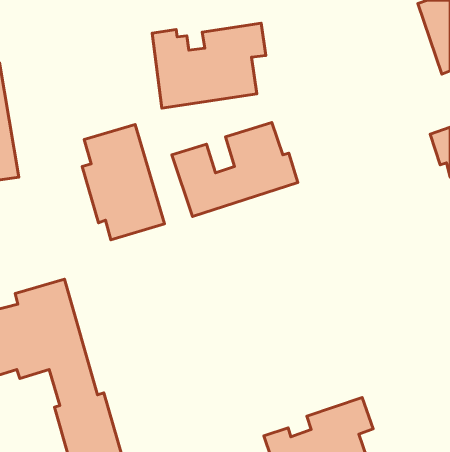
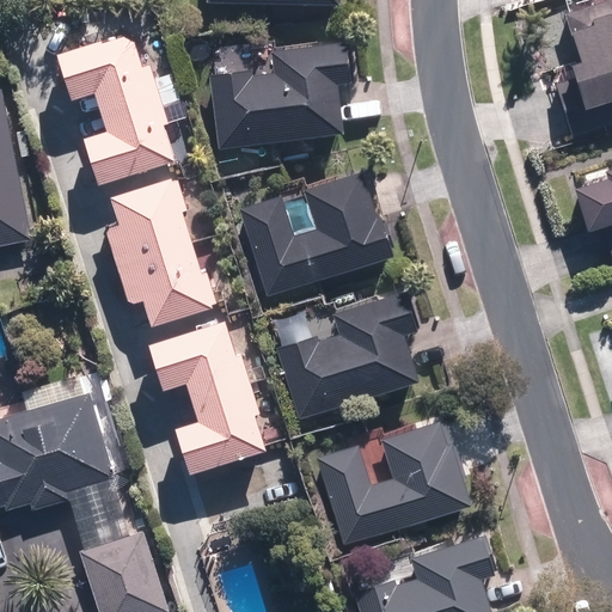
building: none -> [61,35,180,186]
building: none -> [268,287,422,424]
building: none -> [152,319,270,471]
building: none -> [312,421,463,539]

